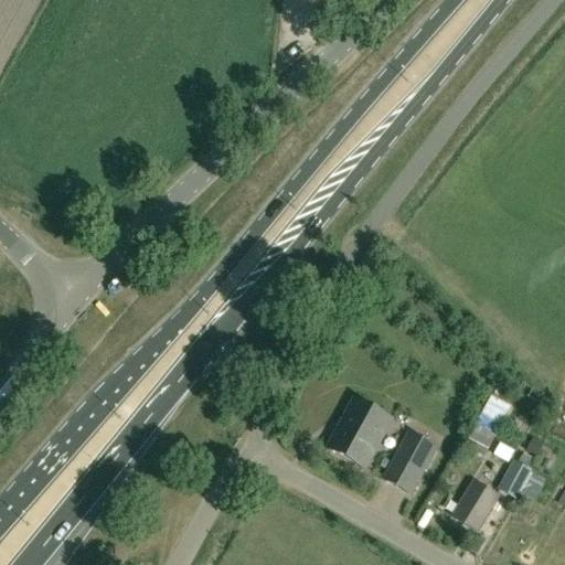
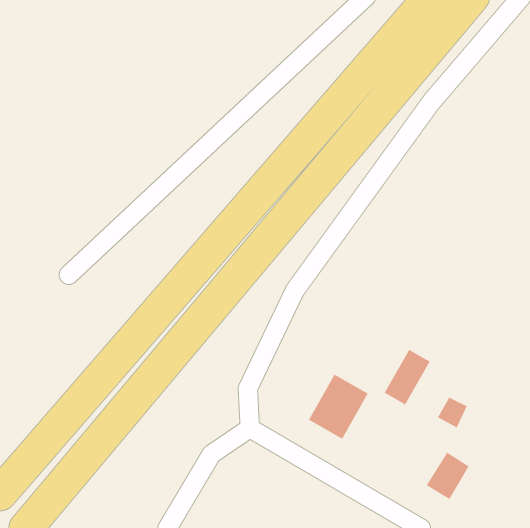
building: [386,430,436,490] -> [384,349,431,405]
building: [500,458,533,497] -> none

